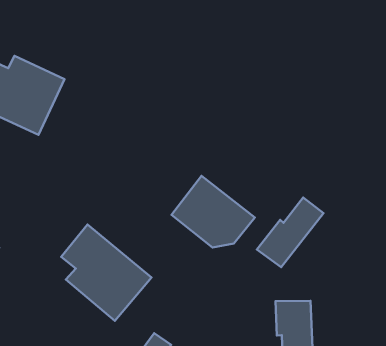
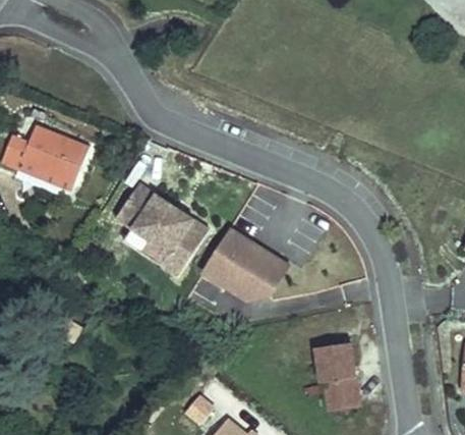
building: [257,197,323,267] -> none
building: [61,224,152,321] -> [116,180,210,275]

